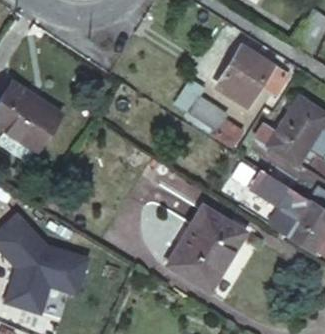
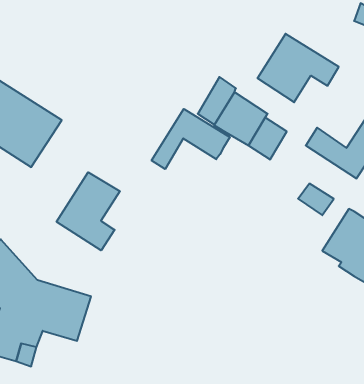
building: none -> [152,109,230,169]
building: none -> [57,172,120,250]
building: [166,207,244,291] -> none

